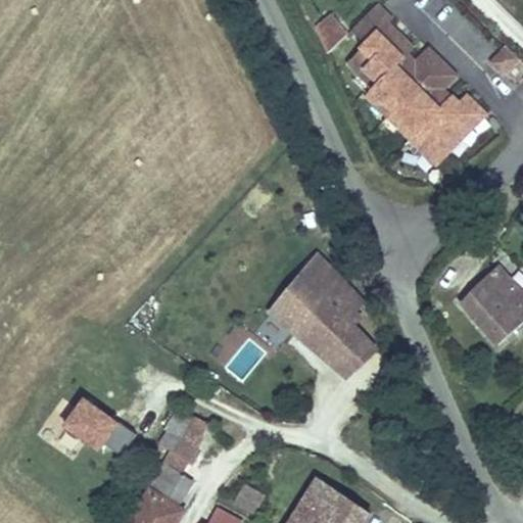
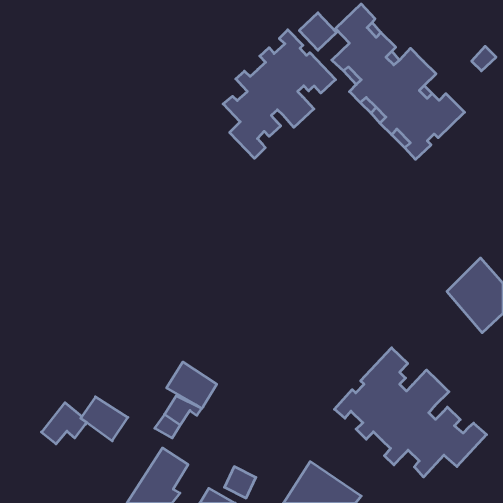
building: none -> [223,30,336,158]
building: [273,257,379,377] -> none
building: none -> [334,348,487,477]
building: none -> [167,362,217,409]

